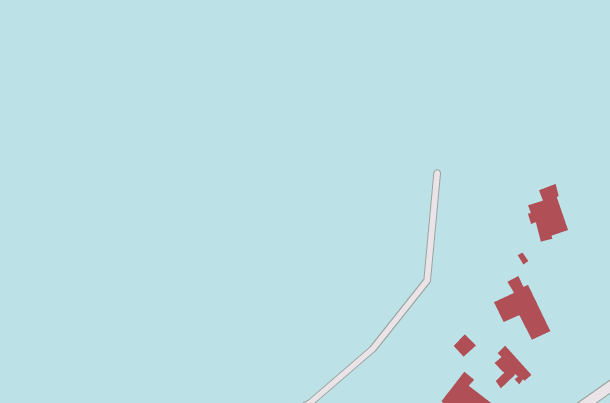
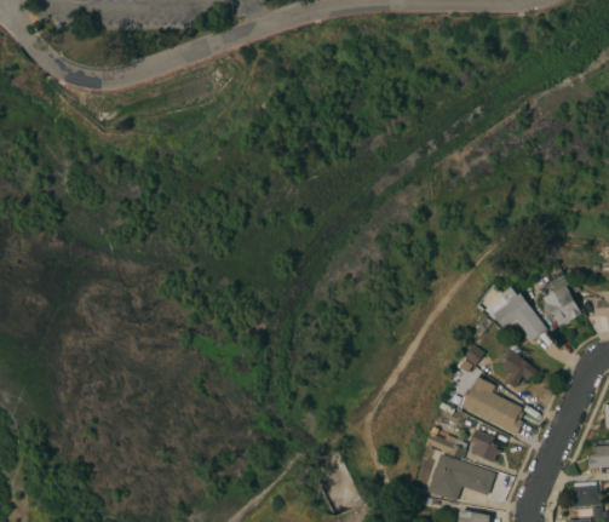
building: [527,183,569,243] -> [542,274,582,327]

